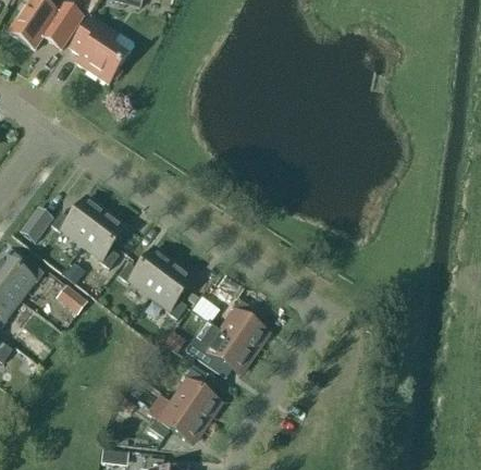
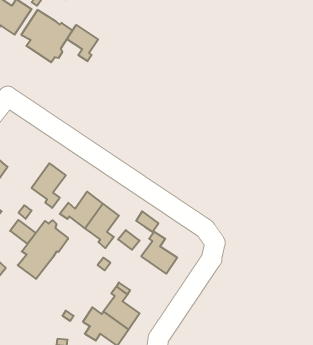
building: none -> [67,25,98,61]
building: [51,197,106,243] -> none
building: none -> [18,220,68,279]
building: [186,330,254,378] -> none

